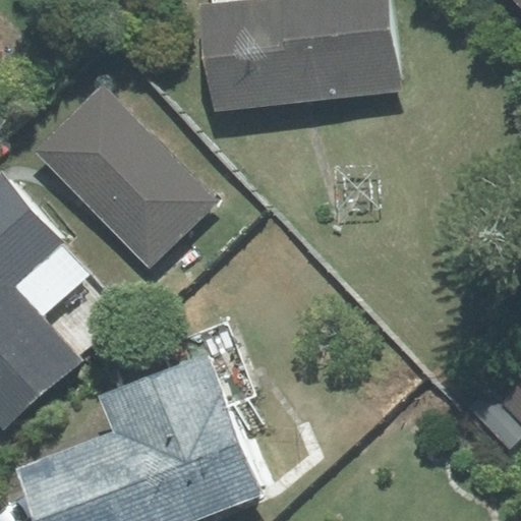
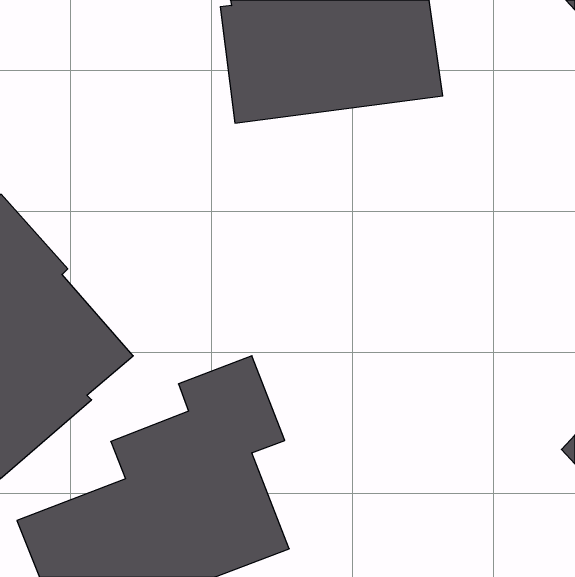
building: [35,86,214,267] -> none

